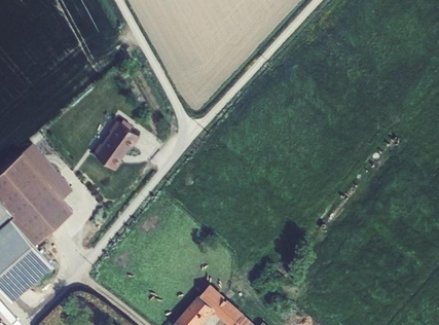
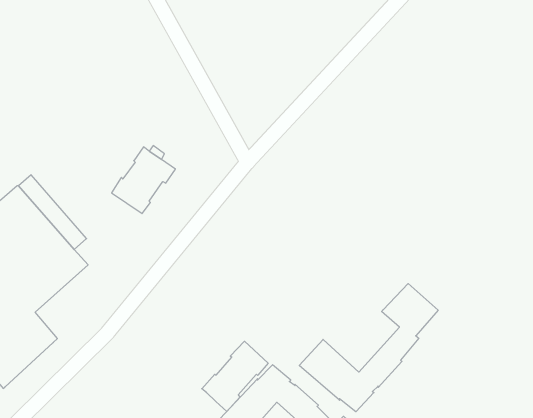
building: none -> [299,284,438,412]
building: none -> [202,341,268,411]

